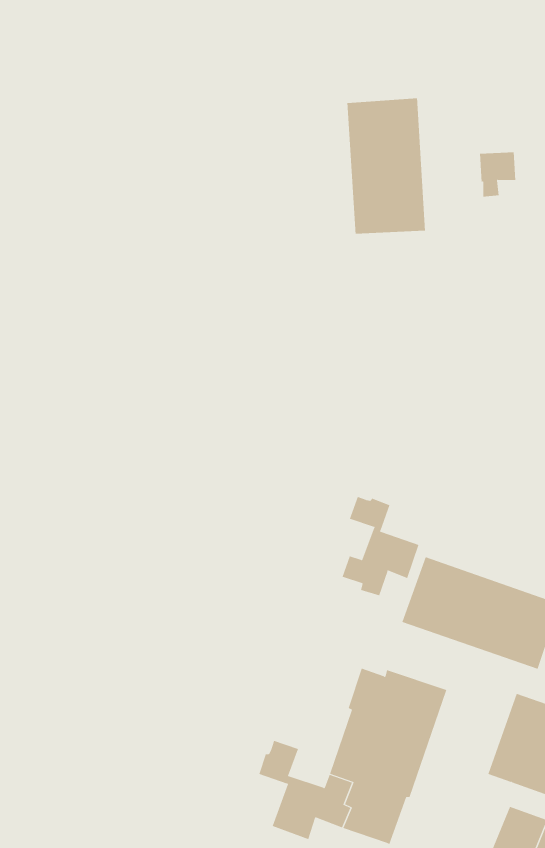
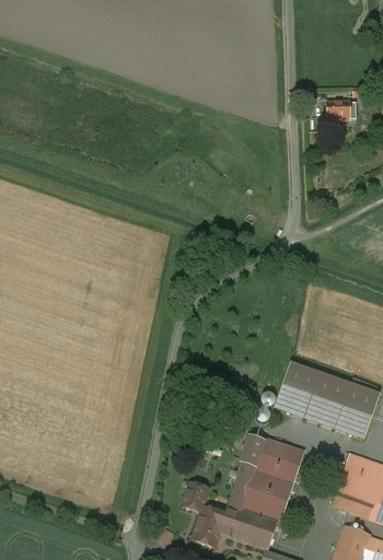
building: [347,98,425,235] -> none
building: [342,496,419,596] -> none

